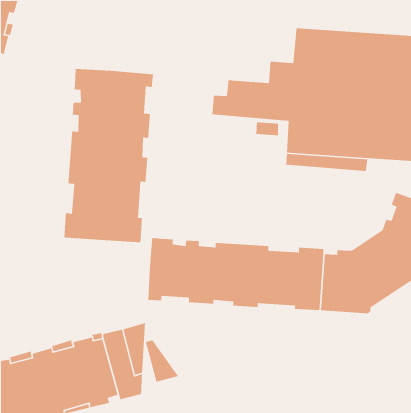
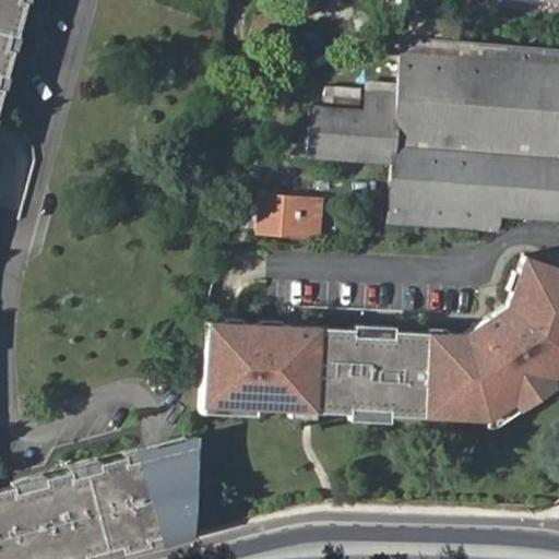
building: [63,68,154,243] -> none
building: none -> [264,197,314,236]
building: [145,339,179,383] -> none

